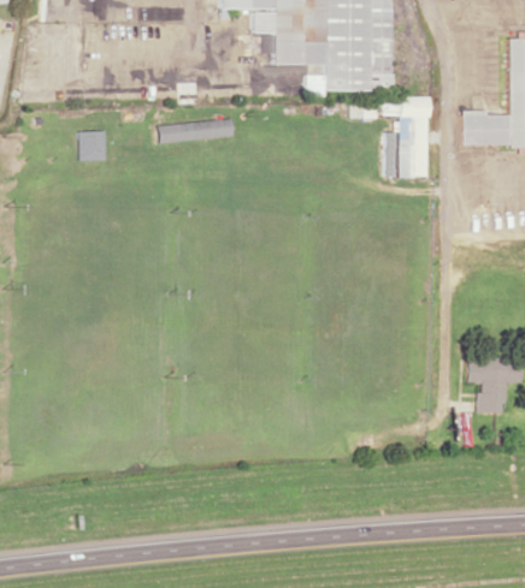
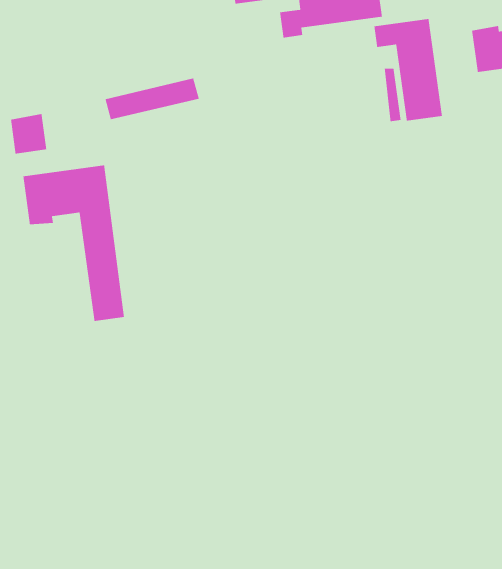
building: none -> [22,165,125,322]

